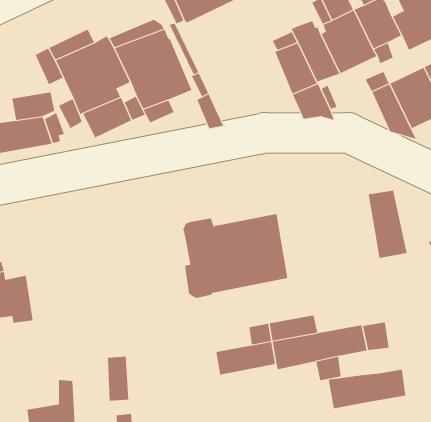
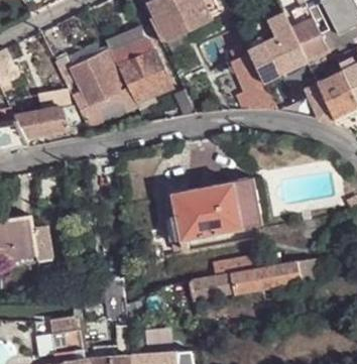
building: [368,190,408,259] -> [234,175,263,226]
building: [328,369,407,409] -> none

